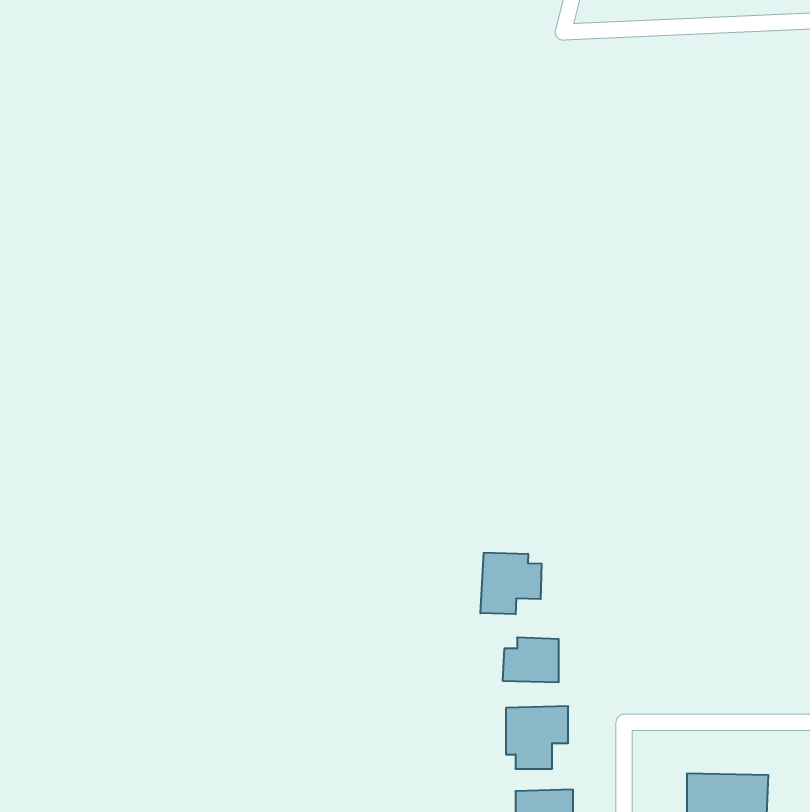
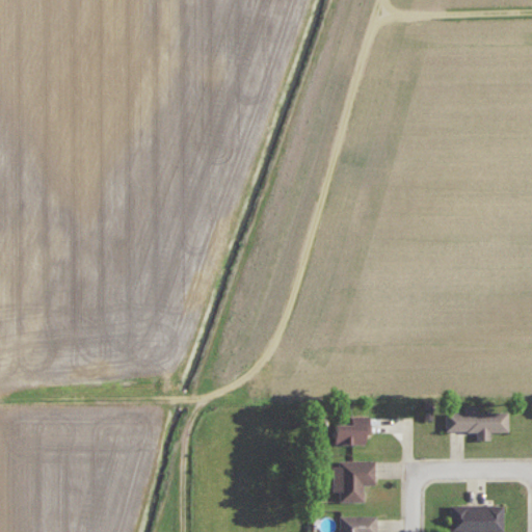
building: [480,553,542,614] -> none
building: none -> [445,408,510,442]

